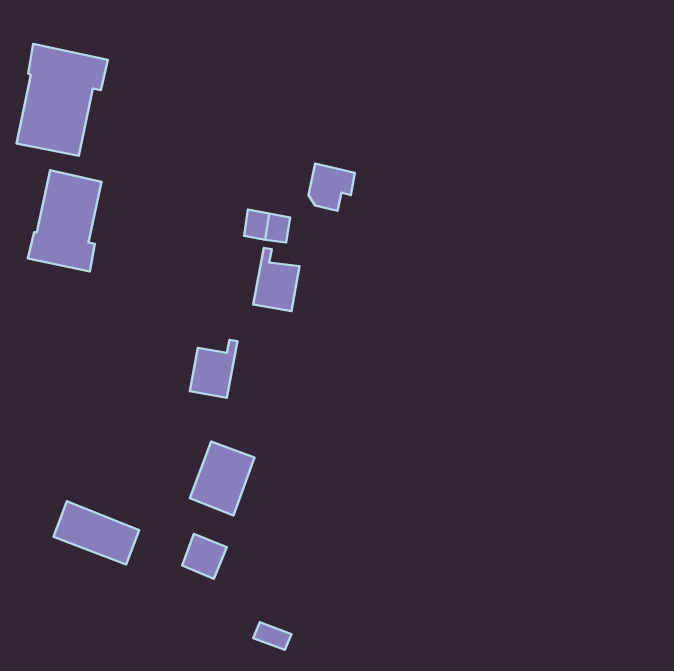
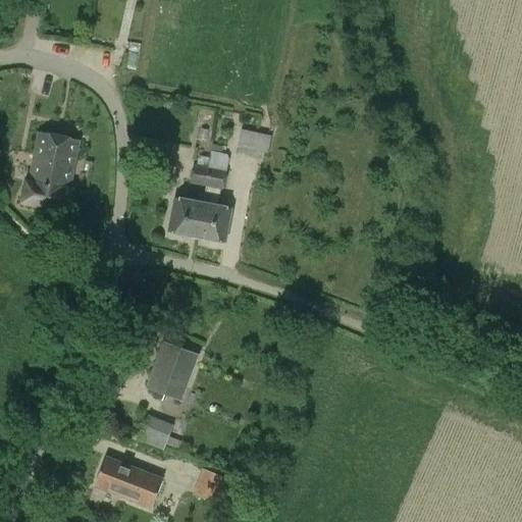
building: [16,44,108,156] -> none
building: [190,340,237,398] -> [167,191,204,236]
building: [54,501,139,564] -> [95,457,161,506]

